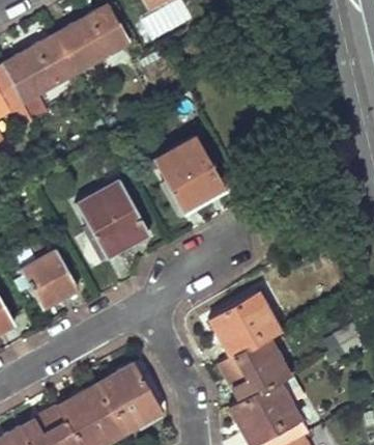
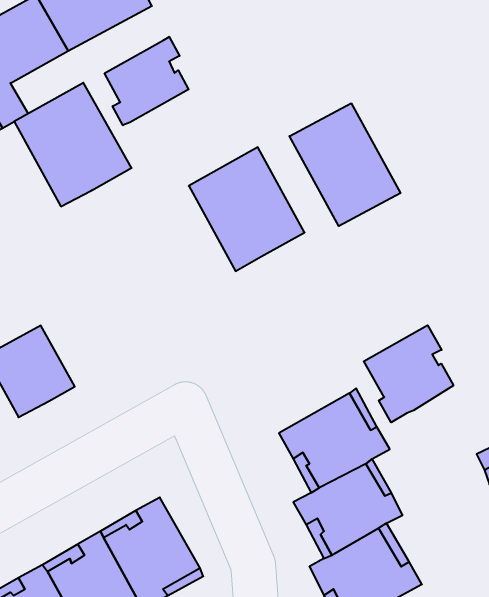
building: none -> [105,37,189,125]
building: none -> [289,103,400,226]
building: [76,178,151,258] -> [14,83,132,206]
building: none -> [364,325,453,422]

